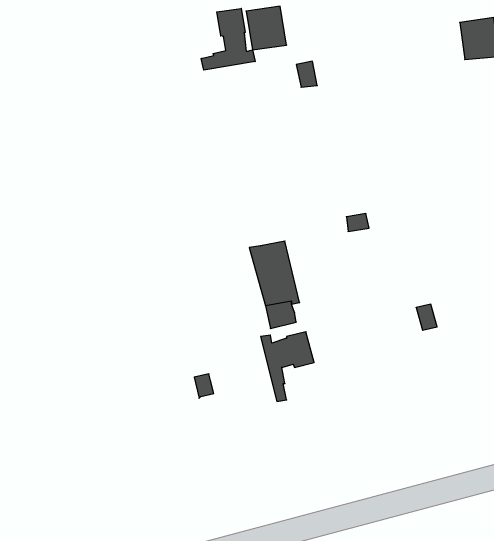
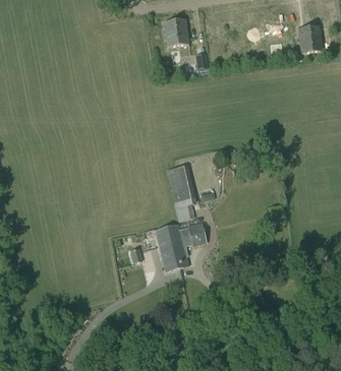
building: [201,8,255,70] -> none
building: none -> [155,226,182,270]

